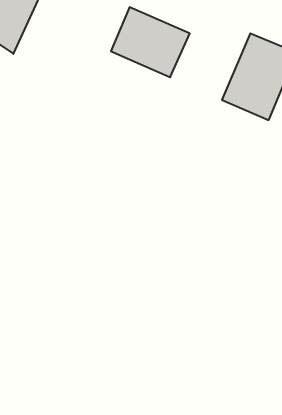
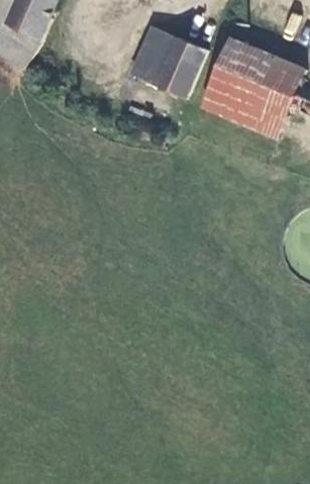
building: none -> [207,37,262,117]

